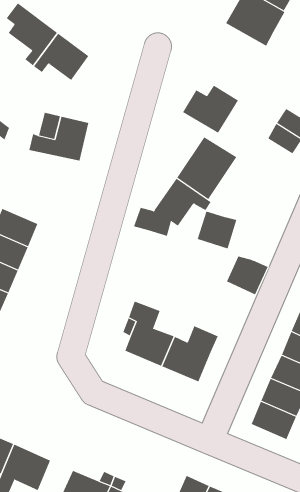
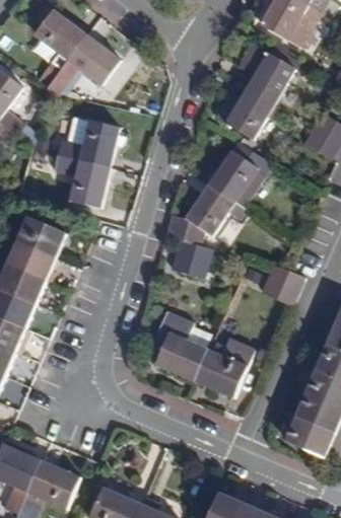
building: none -> [235,43,293,104]
building: none -> [52,156,109,208]
building: [197,211,237,249] -> [169,239,211,279]

